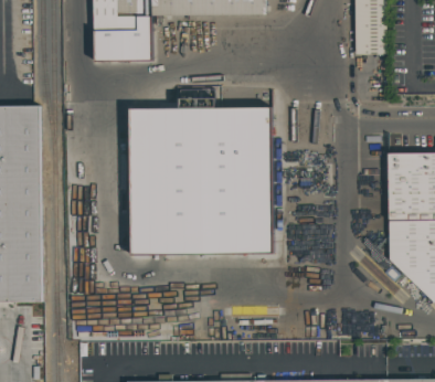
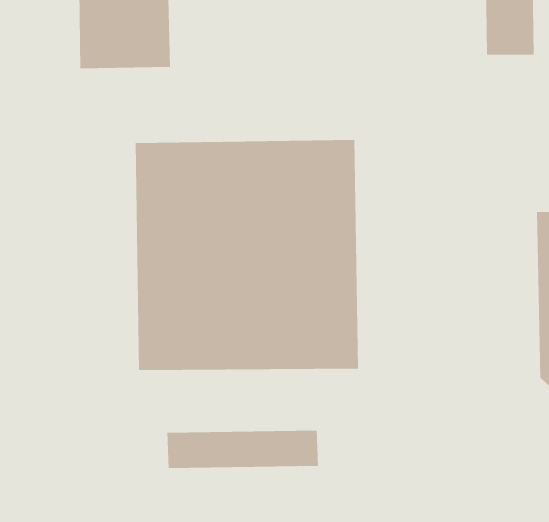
building: none -> [167,430,319,469]

